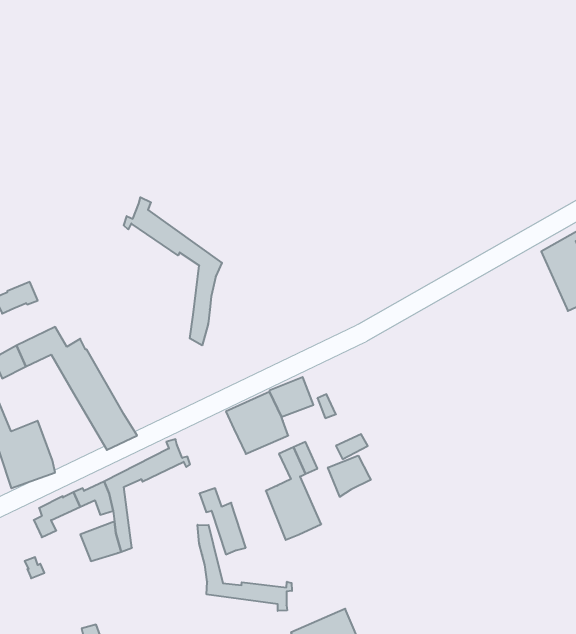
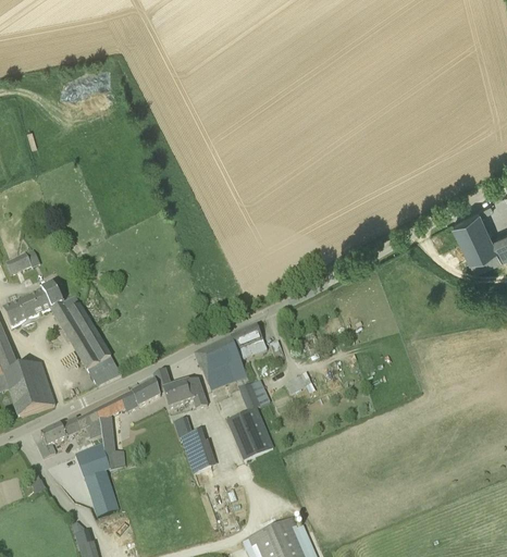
building: [124,197,222,345] -> none
building: none -> [152,370,208,408]
building: [328,456,371,497] -> none
building: [198,525,292,611] -> none
building: none -> [84,471,119,516]

